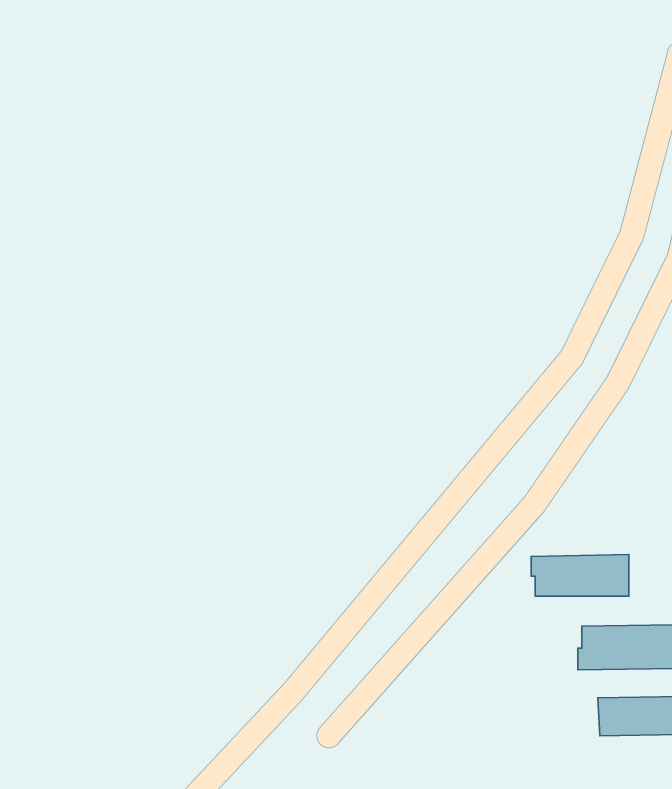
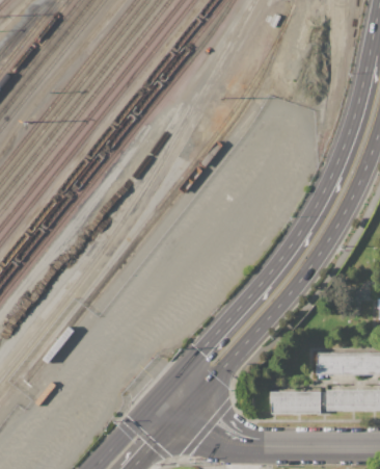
building: [531,554,629,596] -> [270,391,321,413]

